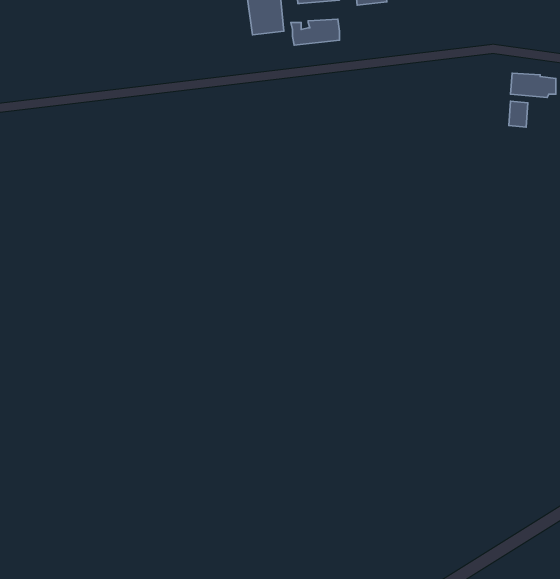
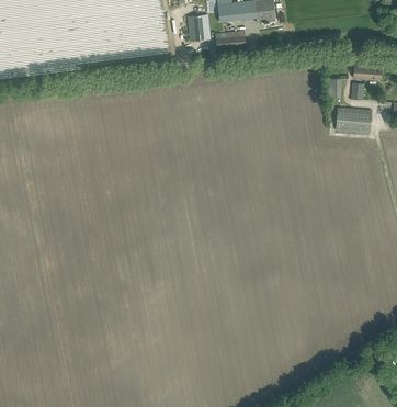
building: none -> [334,108,371,132]

